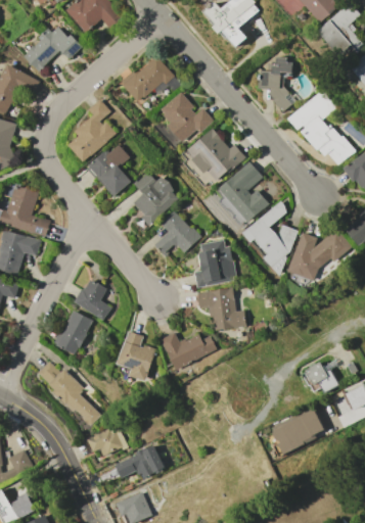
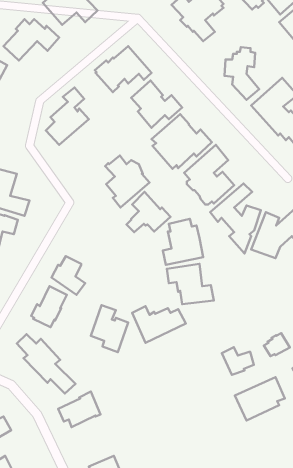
building: [87,144,132,196] -> none
building: none -> [222,347,254,375]
building: [117,445,166,477] -> none

